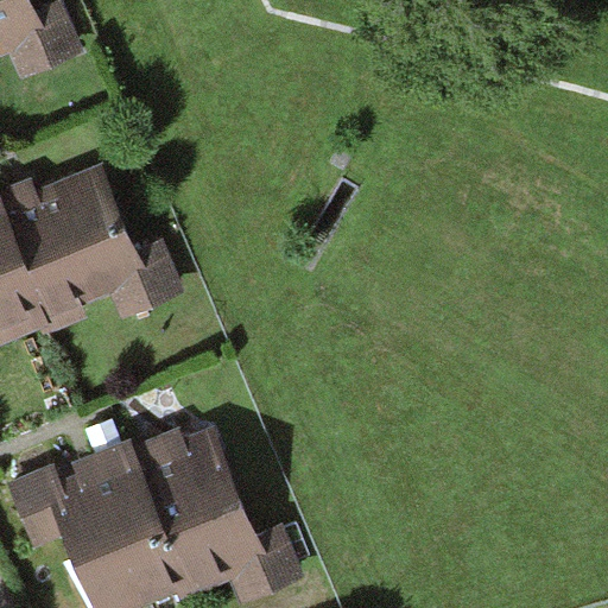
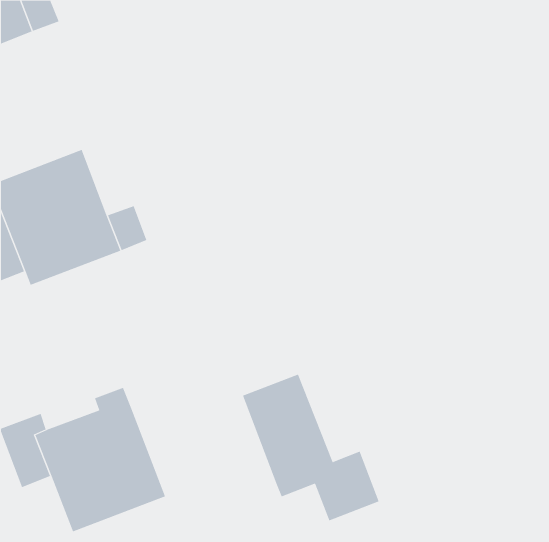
building: [150,437,300,598] -> [242,374,380,521]

